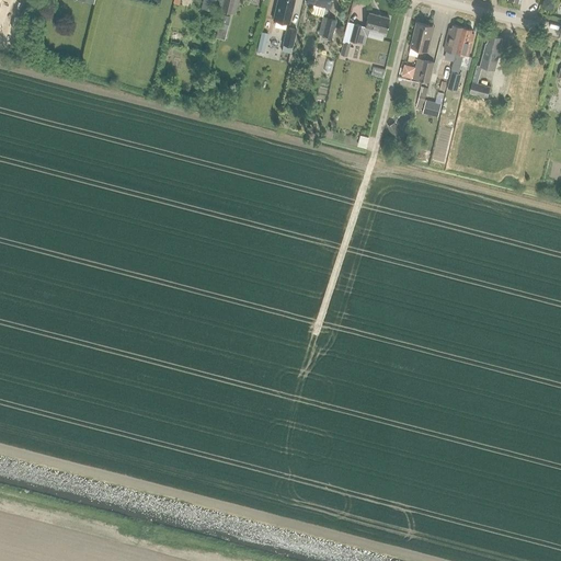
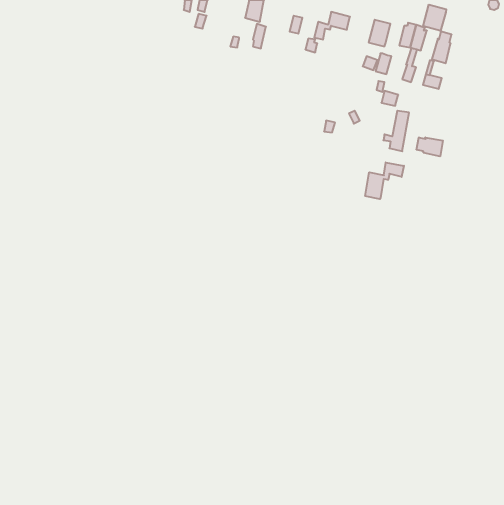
building: none -> [423,5,446,31]
building: none -> [417,137,443,156]
building: none -> [365,162,404,199]

